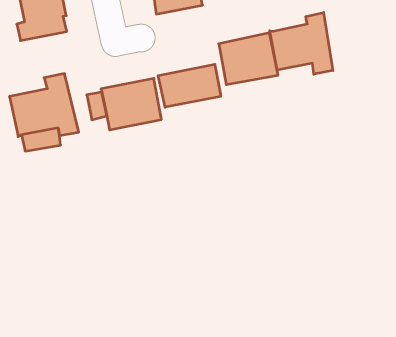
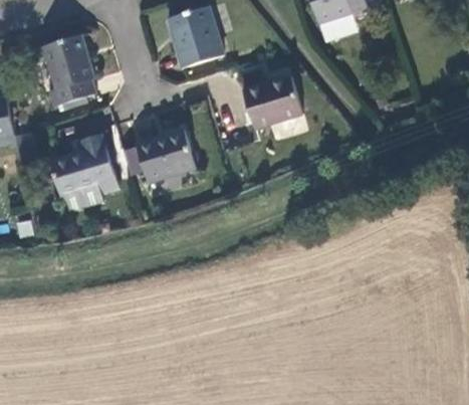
building: [270,12,333,74] -> none
building: [158,64,221,107] -> none

